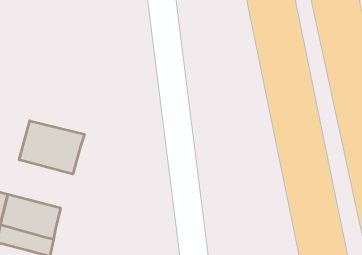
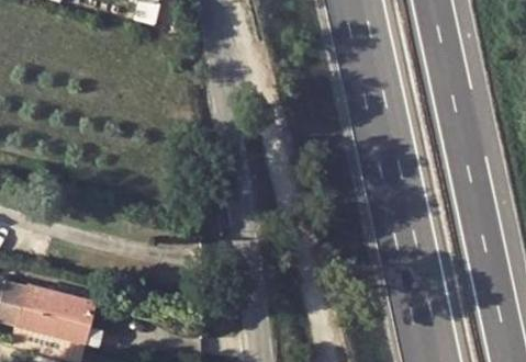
building: [19,121,84,174] -> none

